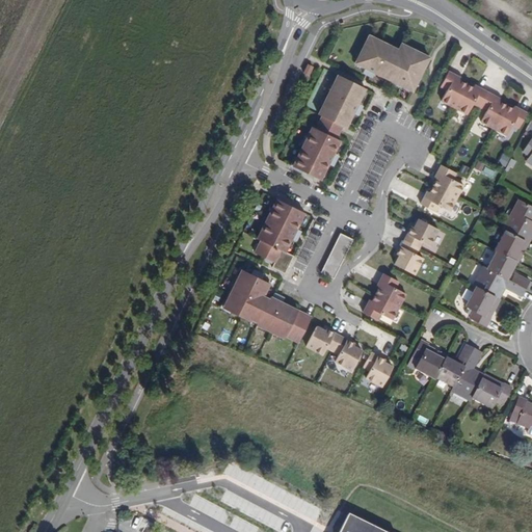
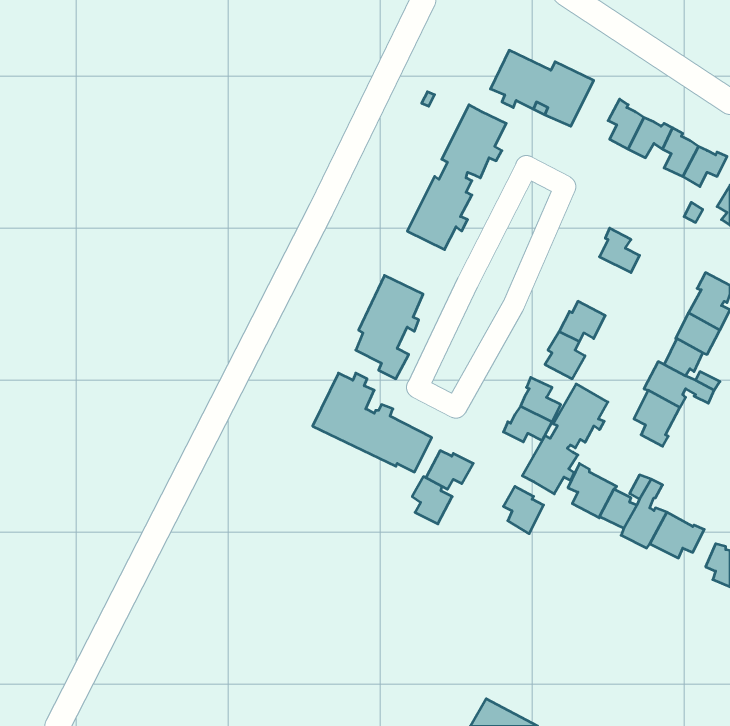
building: [422,186,457,212] -> none
building: [321,230,351,274] -> none
building: none -> [522,384,608,494]
building: [335,336,364,370] -> [412,477,452,524]

